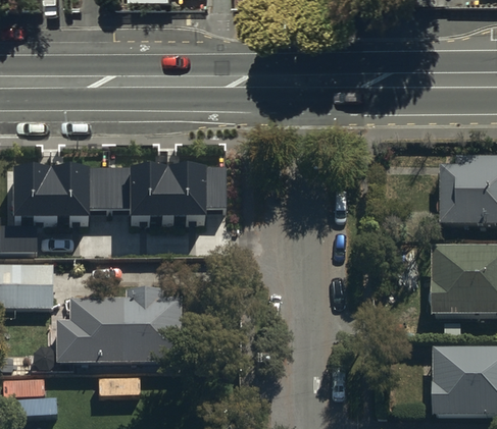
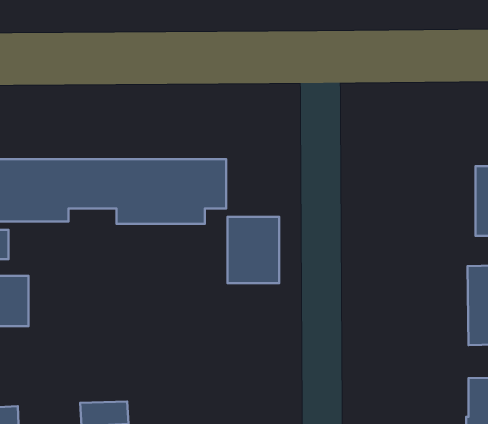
building: none -> [227,217,279,283]
building: [56,280,182,354] -> none

